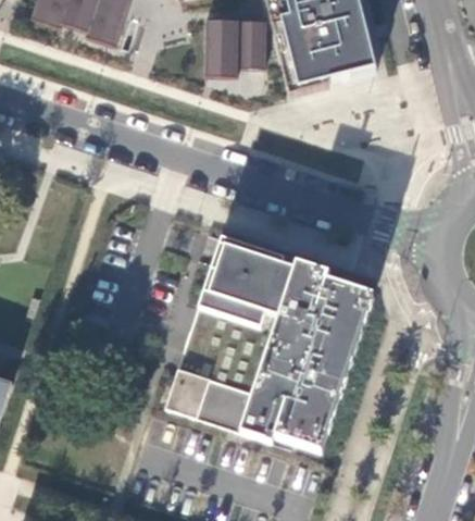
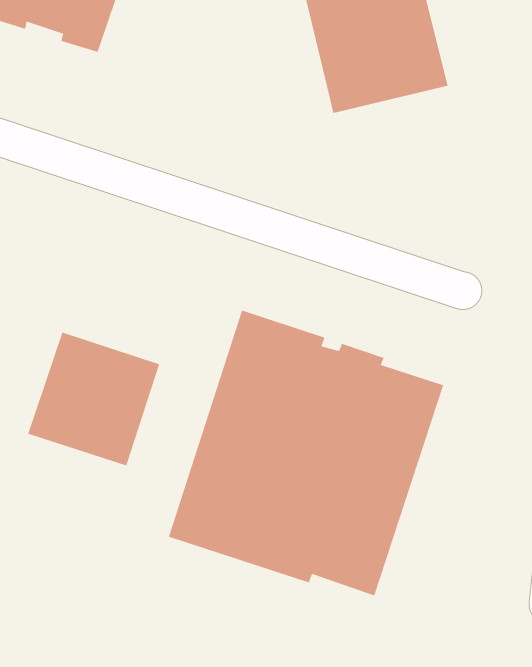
building: [204,17,265,74] -> none
building: none -> [27,331,160,467]

